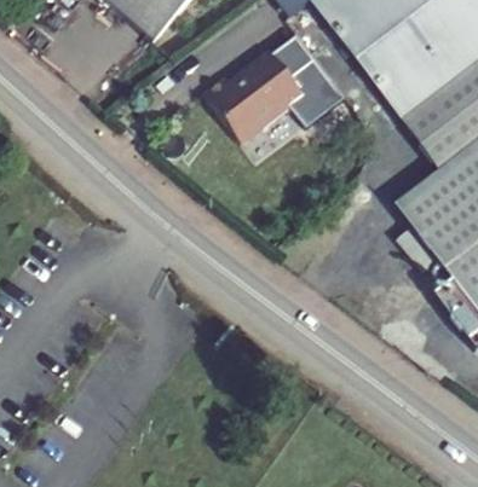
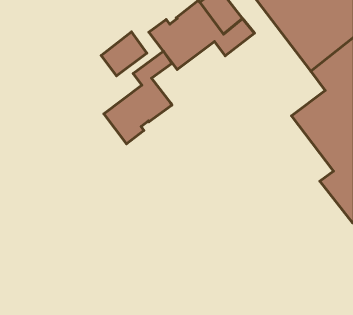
building: none -> [101,32,147,76]
building: none -> [104,51,172,144]

